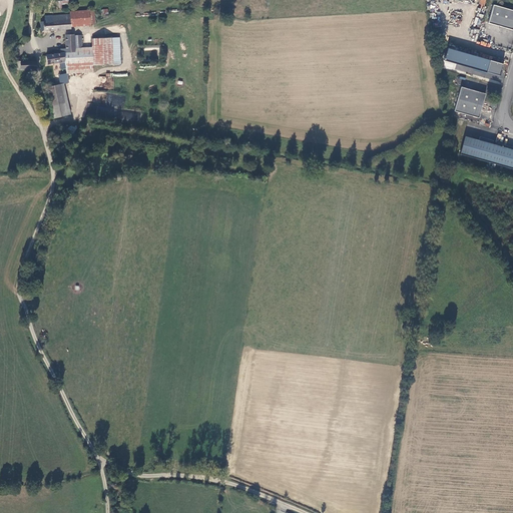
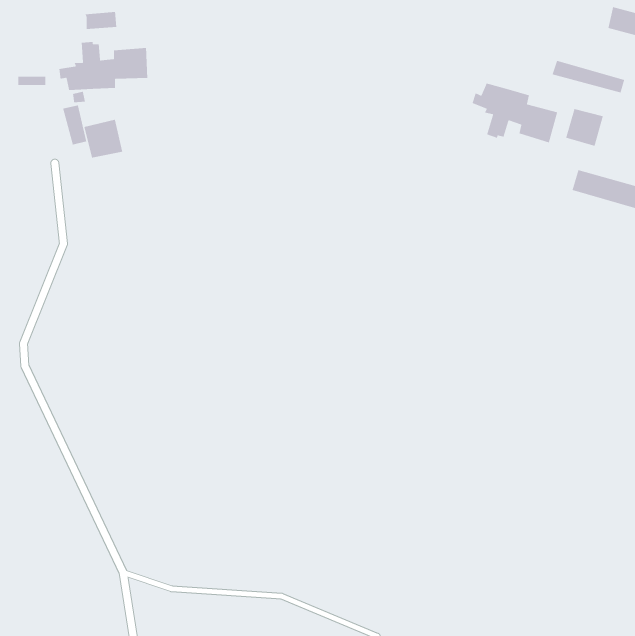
building: [41,14,71,31] -> none
building: none -> [471,82,558,144]
building: none -> [84,119,123,159]

